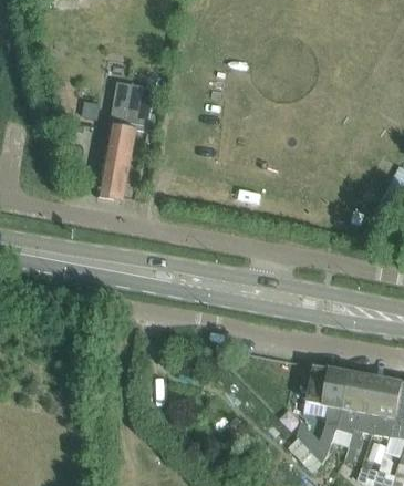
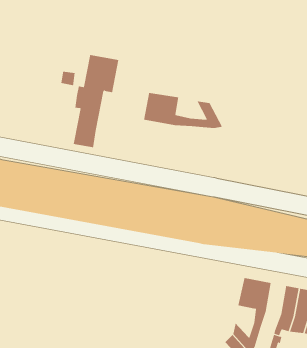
building: none -> [144,92,223,129]
building: [335,371,366,432] -> none

